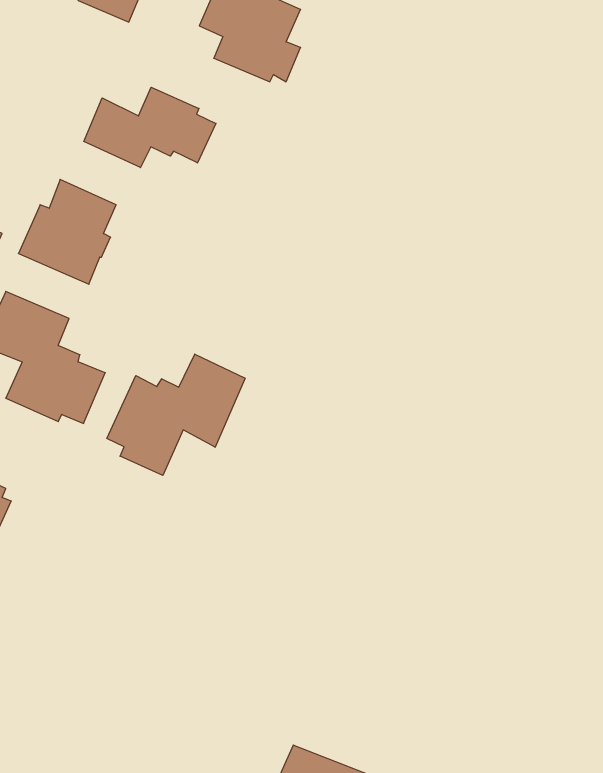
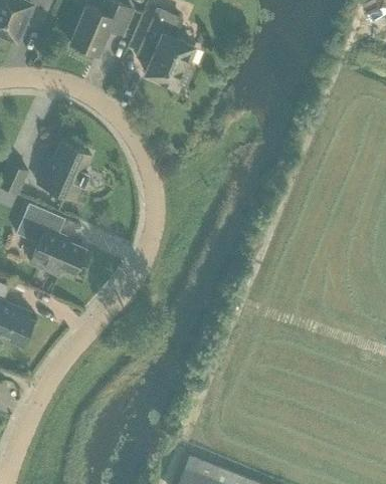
building: [84,87,216,168] -> none
building: [107,354,245,475] -> none

